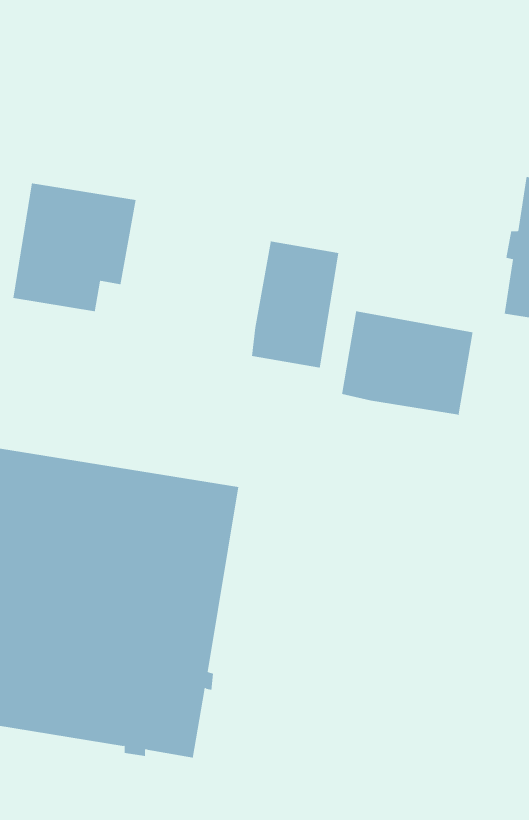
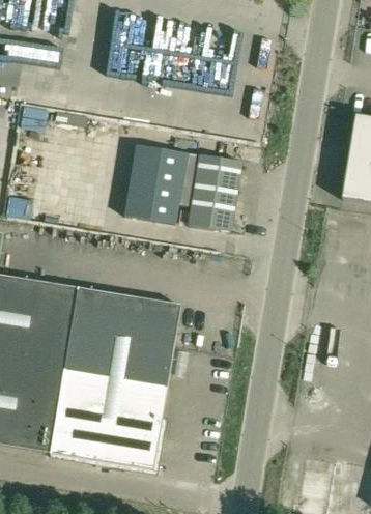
building: [13,183,136,312] -> [124,143,200,222]
building: [342,311,473,416] -> none

